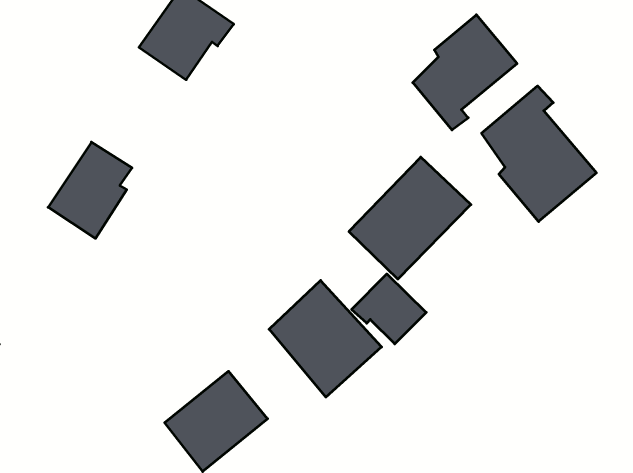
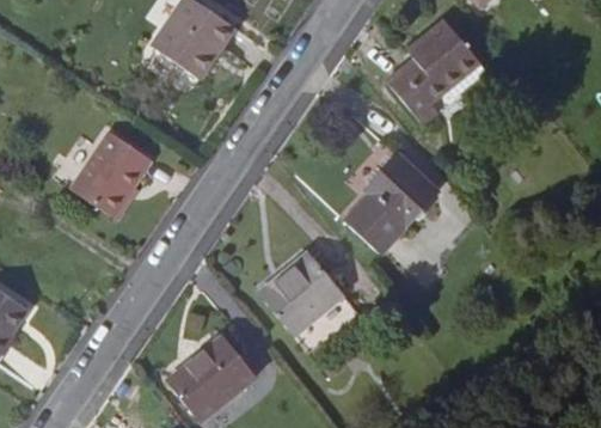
building: [482,86,596,222] -> none
building: [352,274,426,344] -> none

